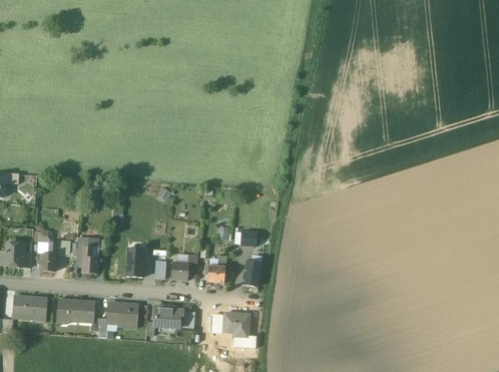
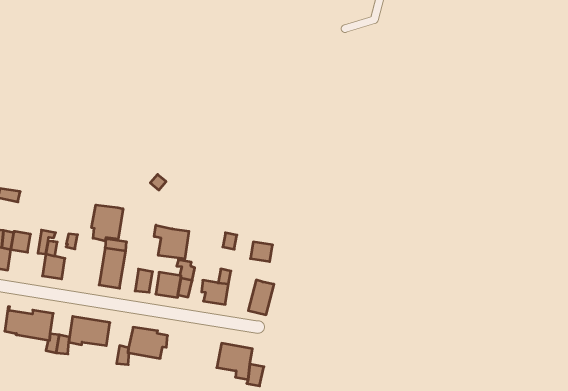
building: none -> [92,205,123,241]
building: none -> [154,225,189,259]

